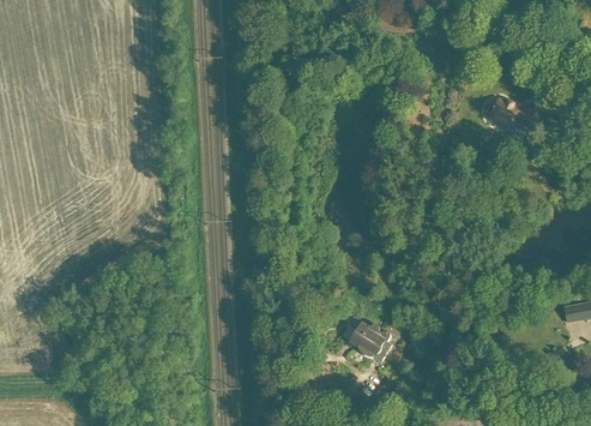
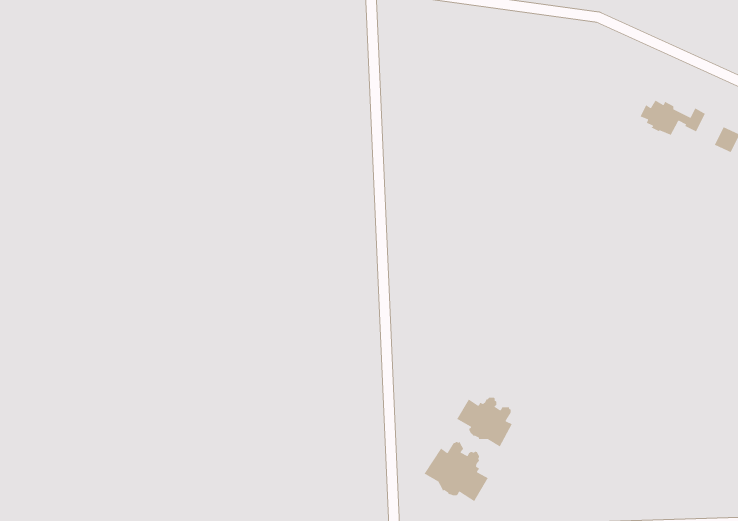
building: none -> [423,441,489,502]

